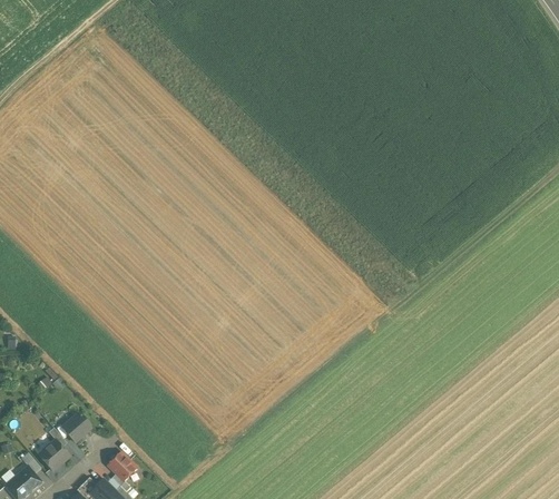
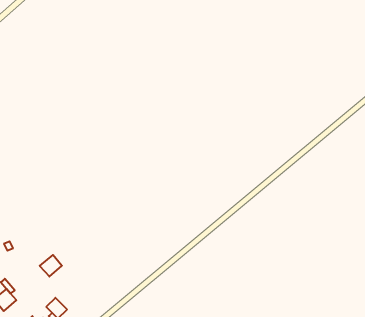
building: [61,412,91,441] -> [40,255,62,277]

